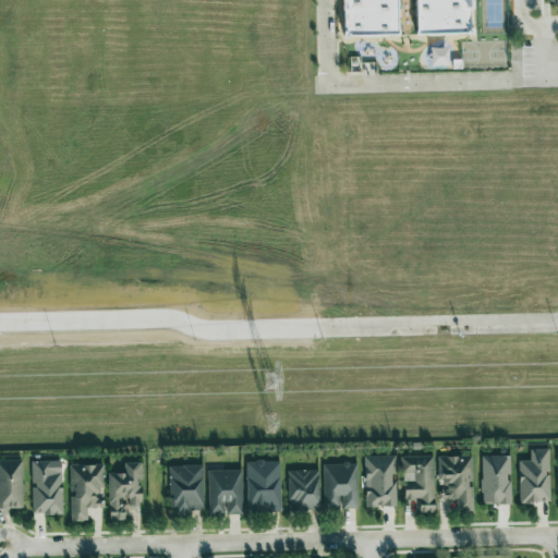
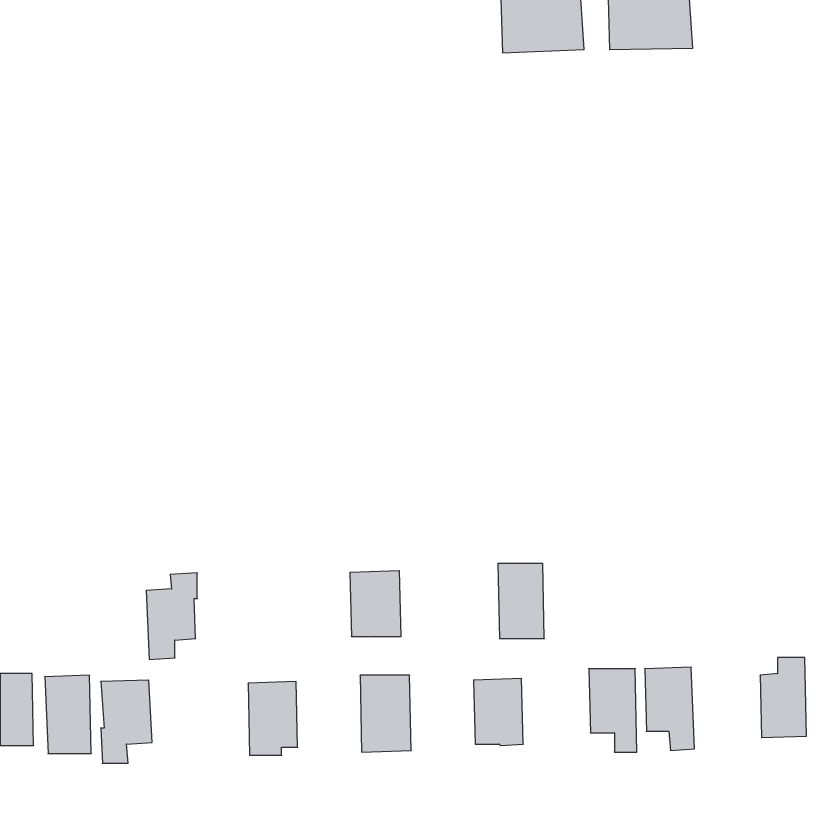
building: [365,454,397,506] -> [498,563,544,639]
building: [481,454,512,504] -> none
building: [108,461,143,520] -> [146,573,197,659]
building: [208,469,243,513] -> [350,571,401,636]
building: [289,470,319,510] -> none

